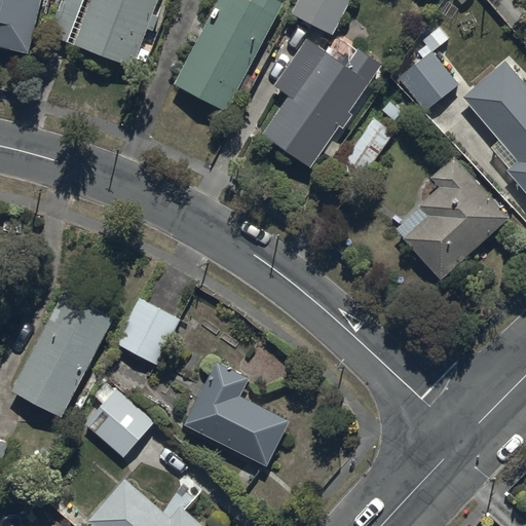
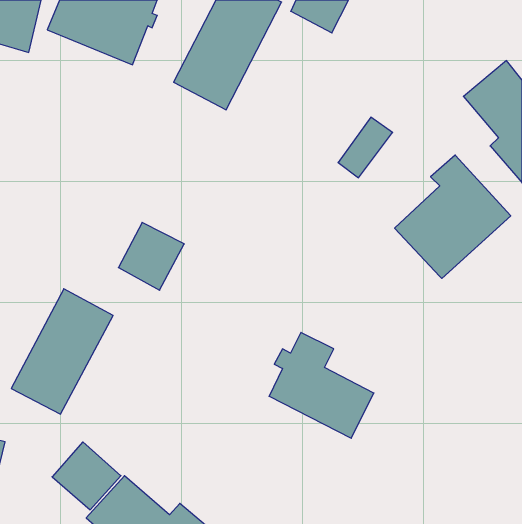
building: [397,27,458,112] -> none
building: [262,36,381,166] -> none
building: [114,297,180,365] -> [118,222,184,290]
building: [184,360,289,465] -> [269,332,374,438]
building: [83,388,152,456] -> [52,442,121,510]

